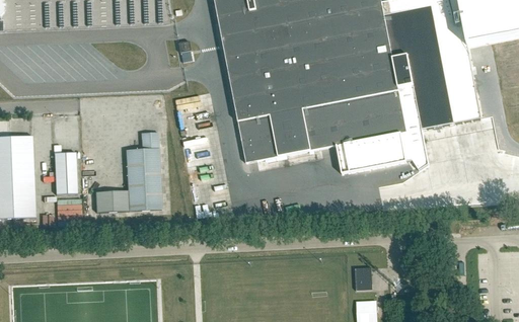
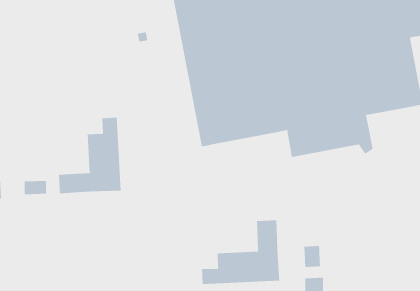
building: [55,151,77,193] -> none
building: none -> [201,219,280,285]

